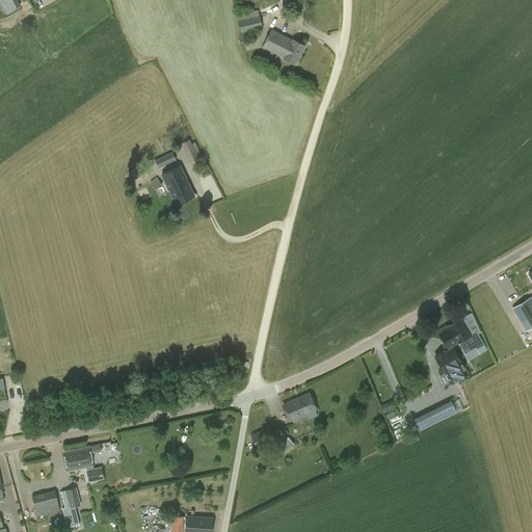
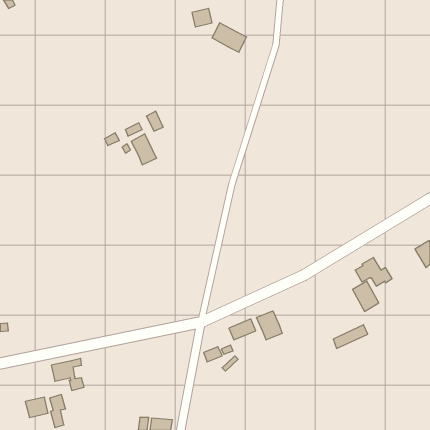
building: none -> [257,311,282,340]

